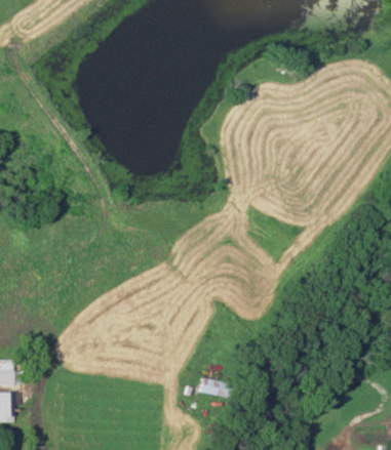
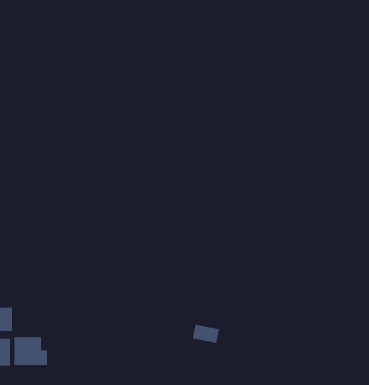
building: none -> [14,336,48,366]

